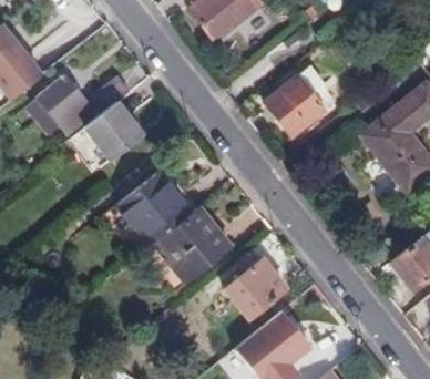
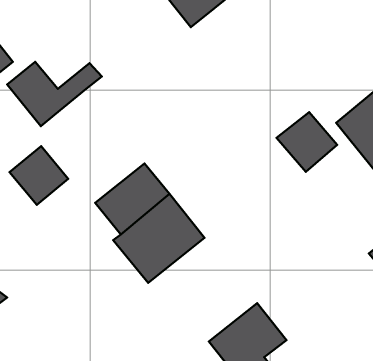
building: [264,78,324,136] -> [276,112,337,172]
building: [83,101,141,158] -> [10,146,68,205]
building: [226,260,286,318] -> none

